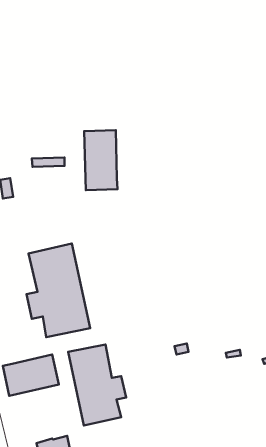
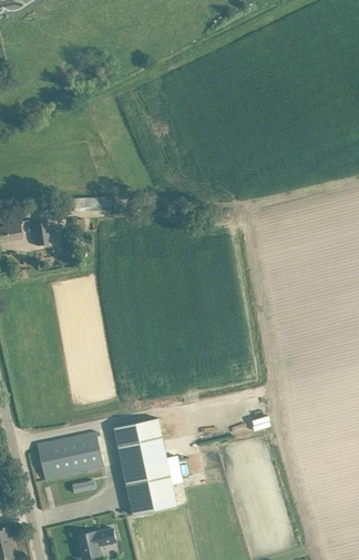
building: [84,130,117,190] -> none
building: [27,244,90,337] -> none

